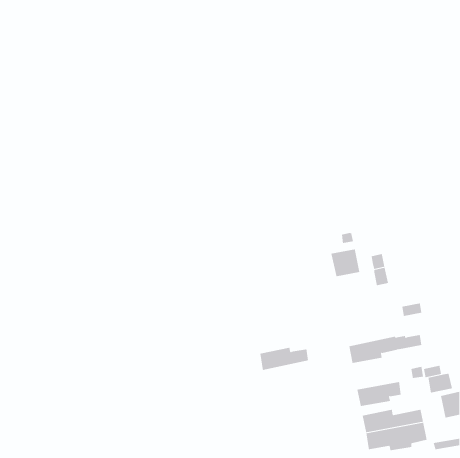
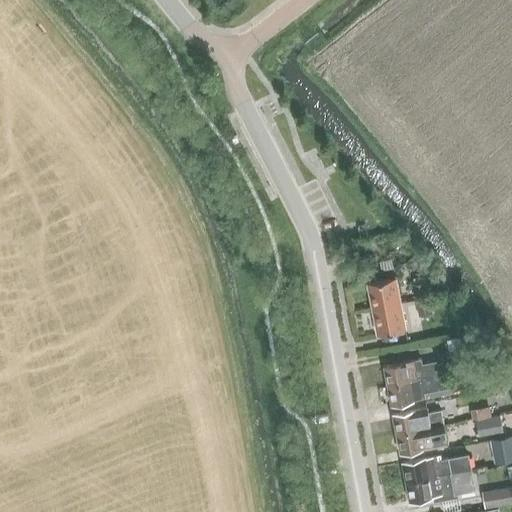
building: none -> [373,305,405,336]
building: [259,347,309,370] -> [384,361,439,387]
building: none -> [393,409,444,435]

